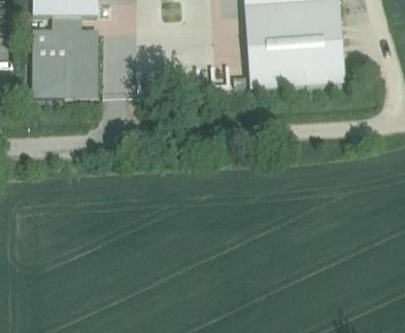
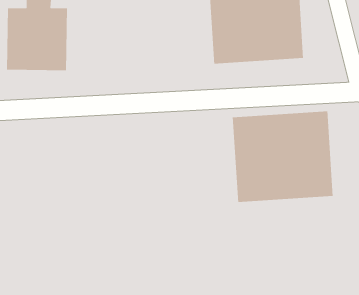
building: none -> [232,110,334,203]

